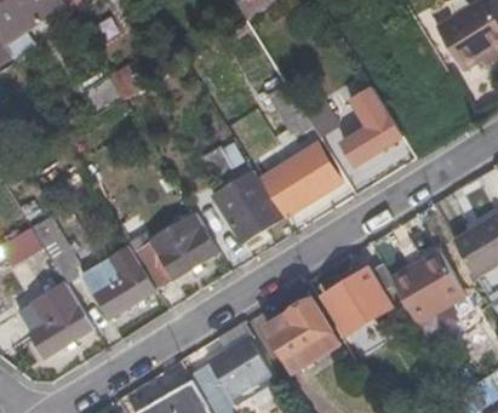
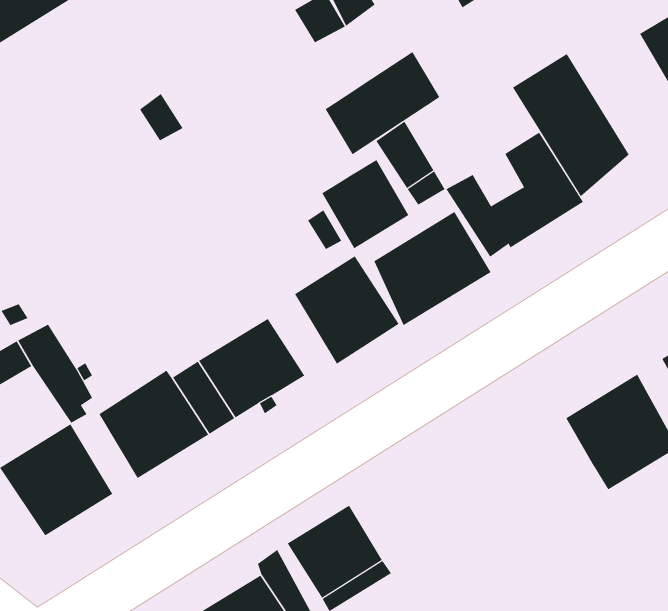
building: none -> [325,51,440,155]
building: none -> [512,53,630,197]
building: none -> [322,159,409,249]
building: [322,260,410,335] -> none
building: [267,297,342,373] -> none

